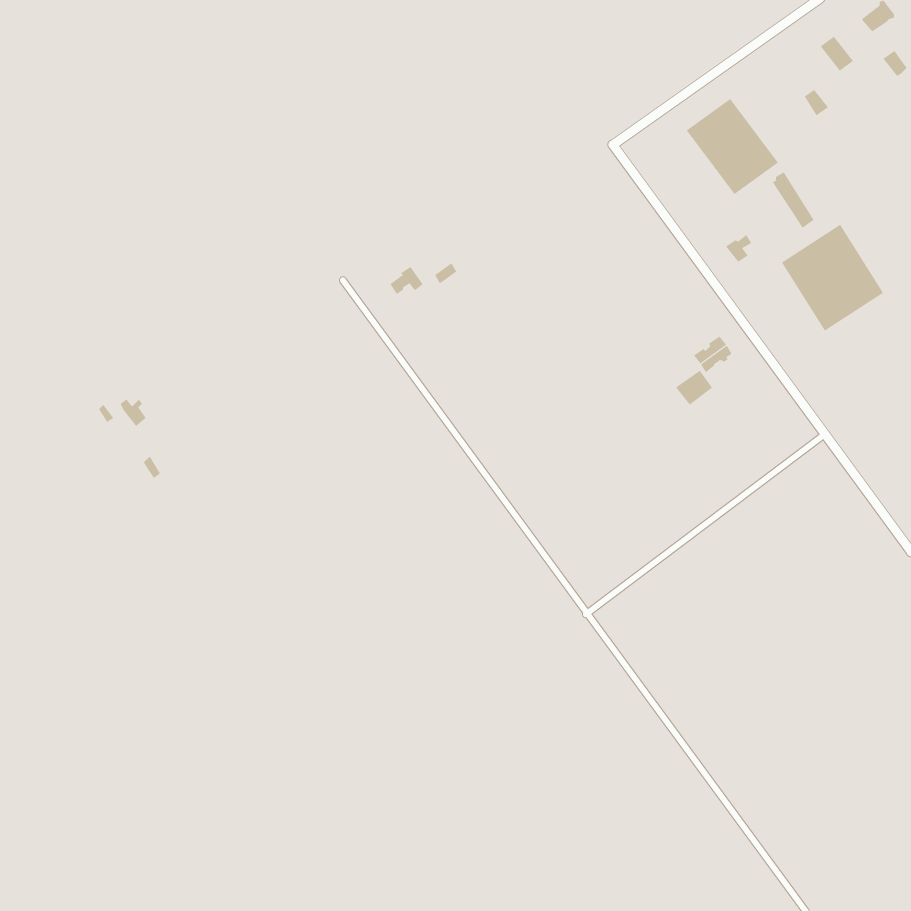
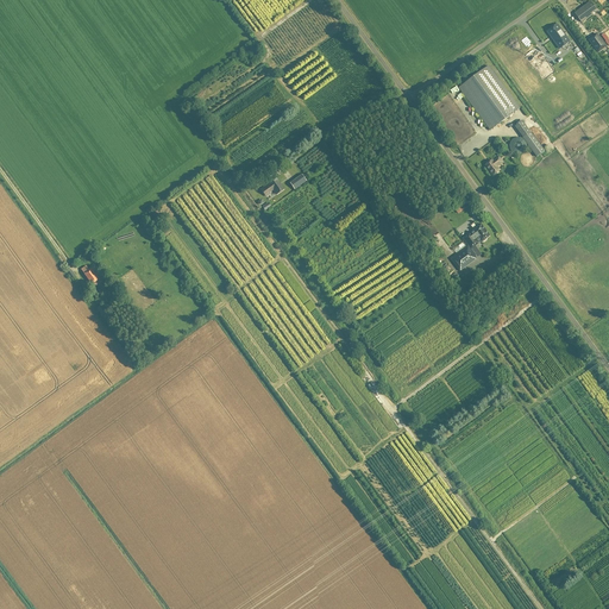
building: [781,224,884,332] -> none

